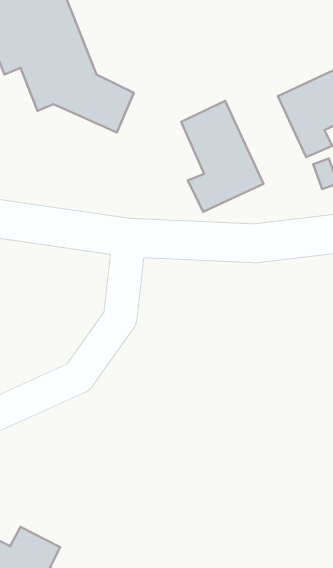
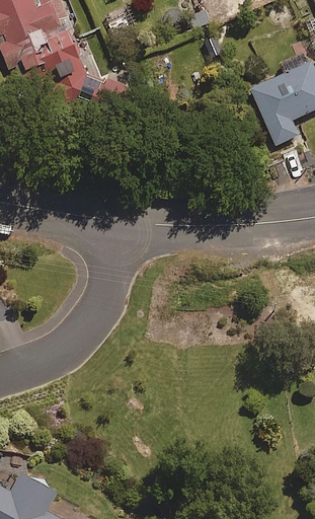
building: [181,101,264,212] -> none

